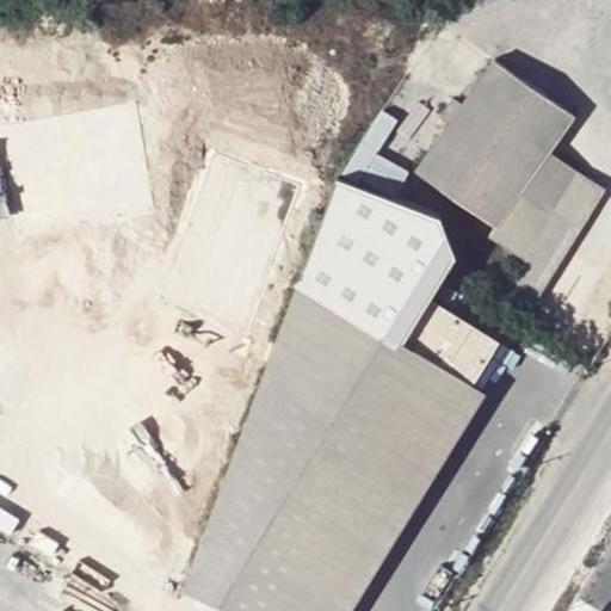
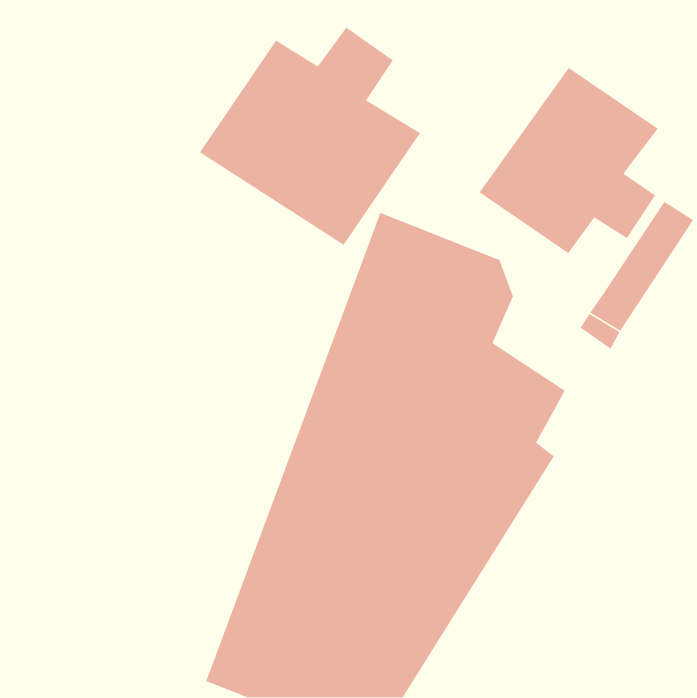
building: none -> [199,26,421,246]
building: [489,152,581,258] -> none

